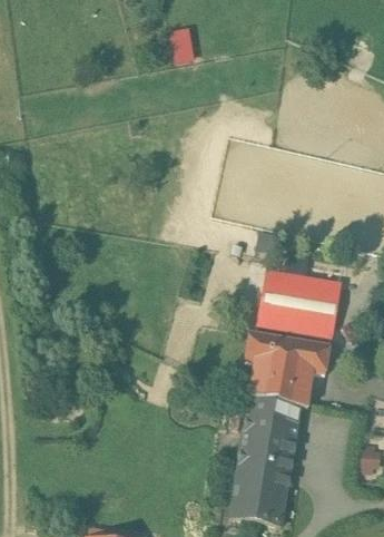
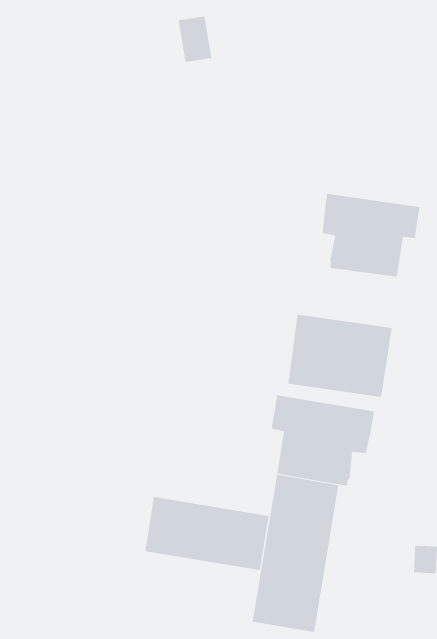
building: none -> [322,193,420,278]
building: none -> [145,496,269,571]

